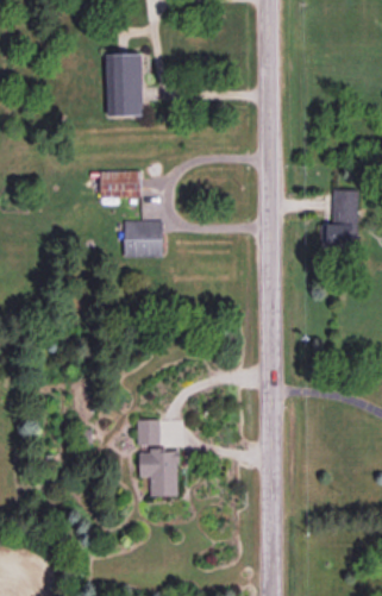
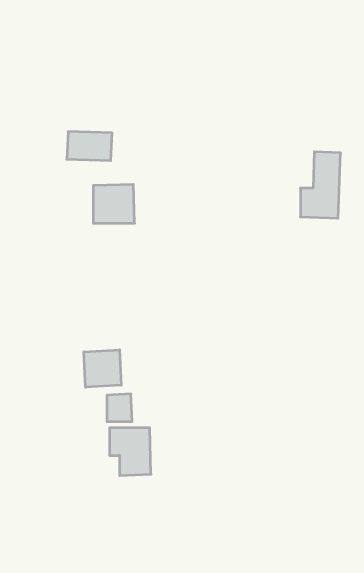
building: [105,54,143,117] -> none
building: none -> [84,350,121,387]

